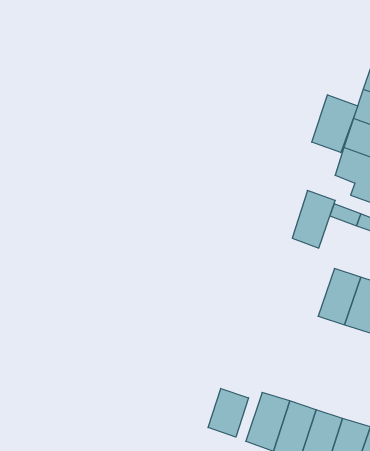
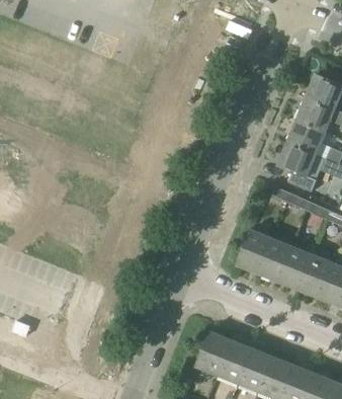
building: [312,95,358,153] -> none
building: [292,190,335,248] -> [237,228,272,273]
building: [208,388,249,437] -> none

